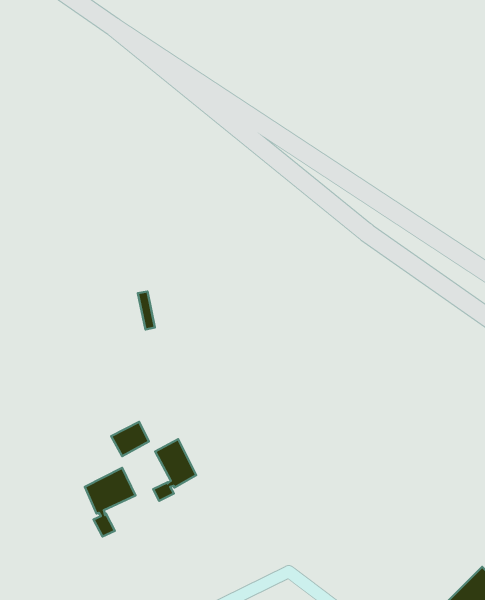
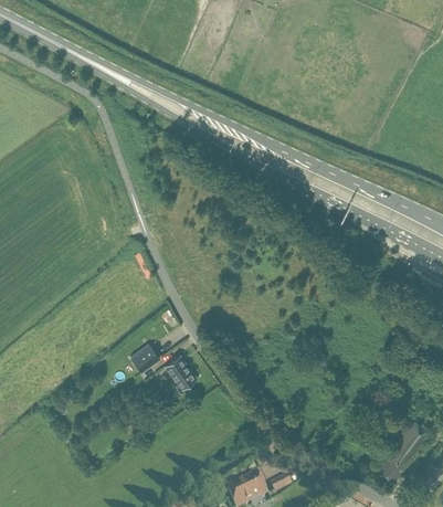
building: [85,468,135,536] -> none

